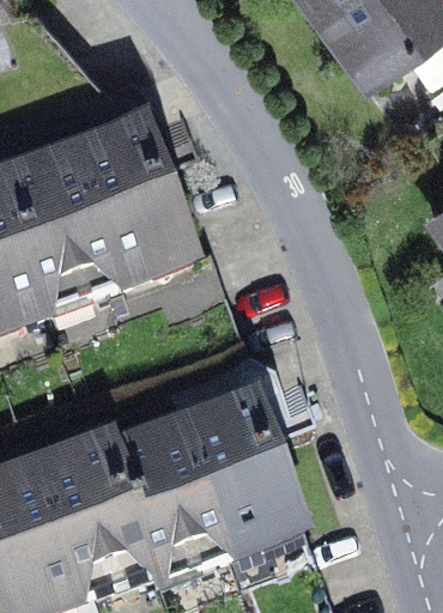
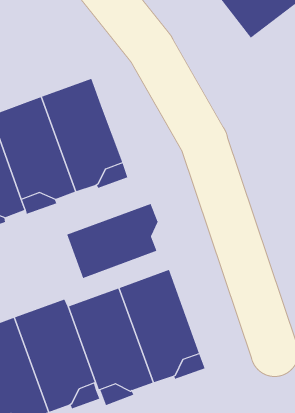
building: none -> [67,203,158,279]

